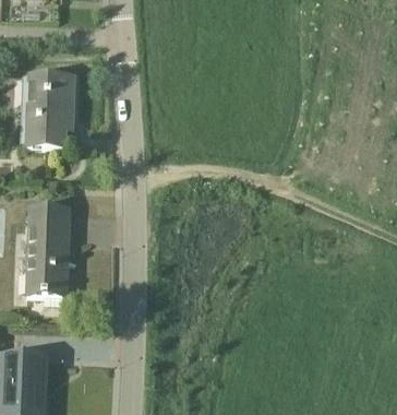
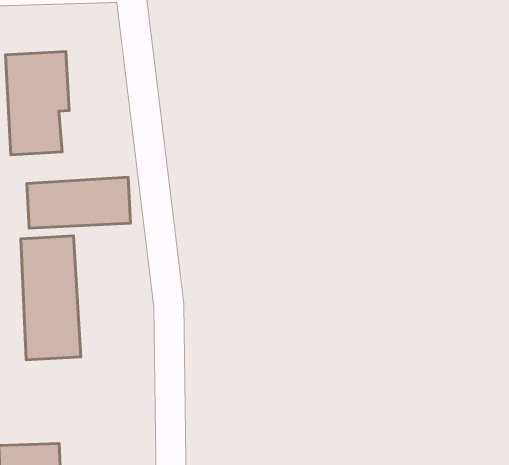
building: none -> [27,177,130,228]

